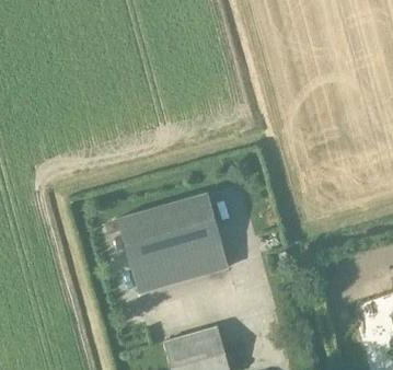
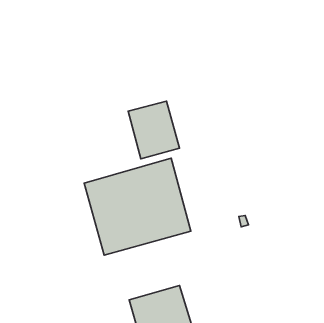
building: none -> [128,101,180,159]

